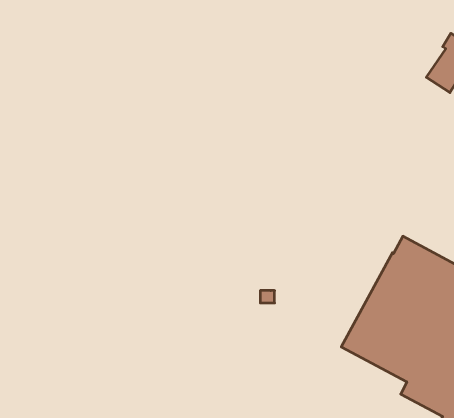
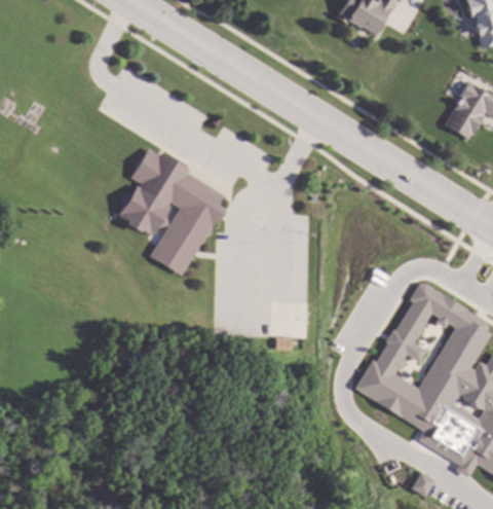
building: none -> [119,148,228,276]

